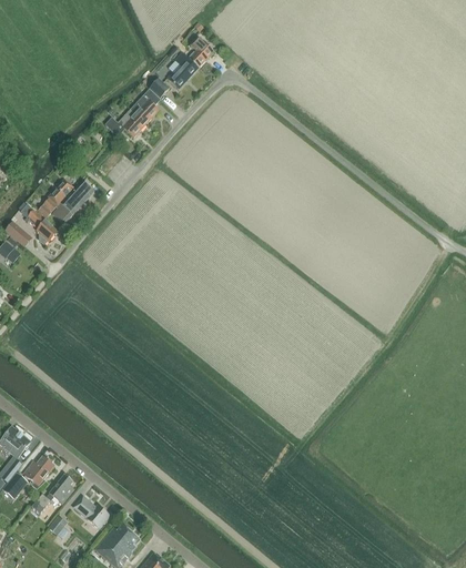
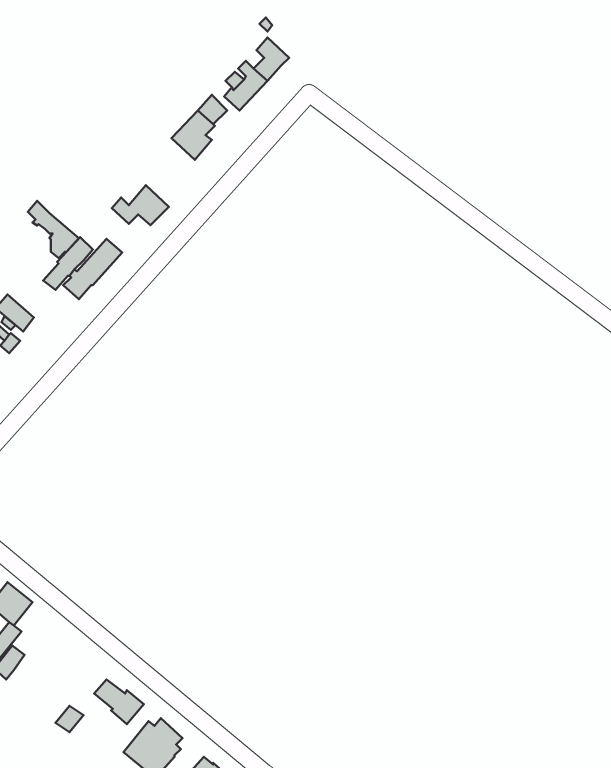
building: [105,109,146,138] -> [112,185,169,225]
building: [21,204,58,245] -> [28,201,79,258]
building: [23,456,54,488] -> none
building: [32,475,74,515] -> none

